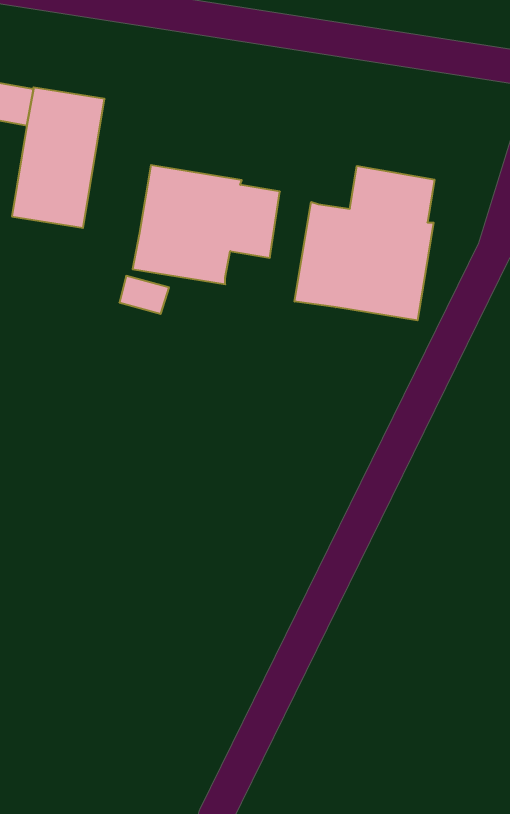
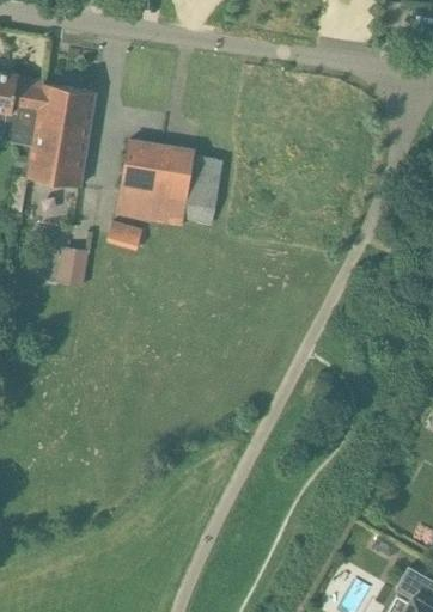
building: [295,166,434,320] -> none
building: none -> [57,247,90,287]

